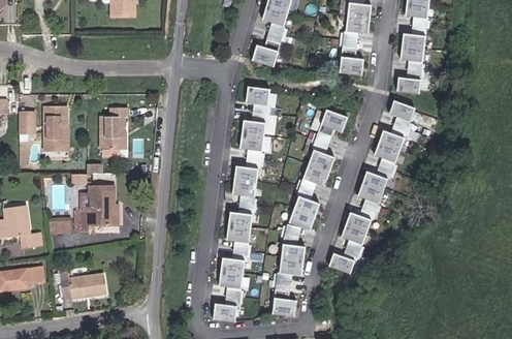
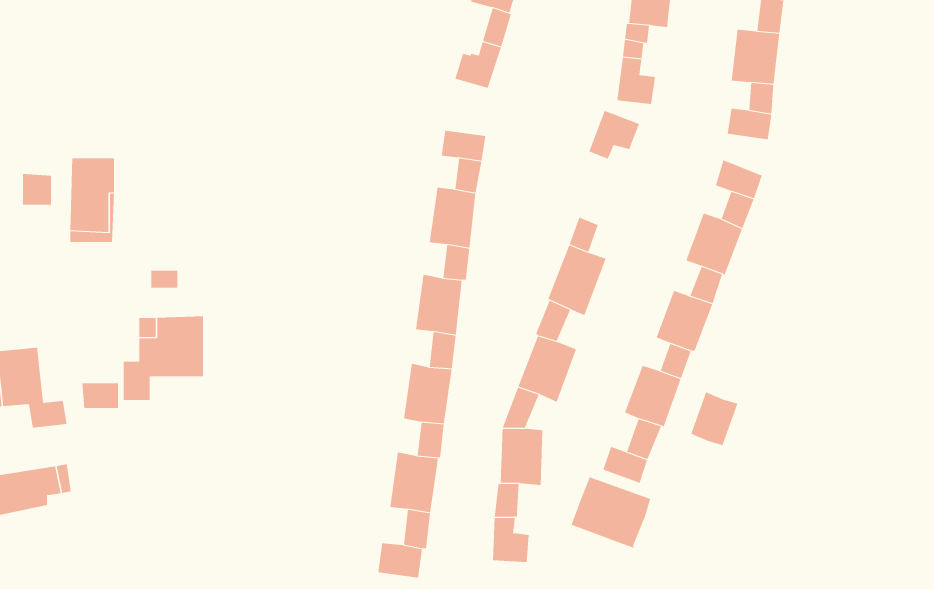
building: [106,106,136,155] -> none
building: [318,113,345,138] -> [588,110,640,159]
building: none -> [690,391,738,446]
building: [68,270,115,297] -> none
building: none -> [571,476,651,549]

